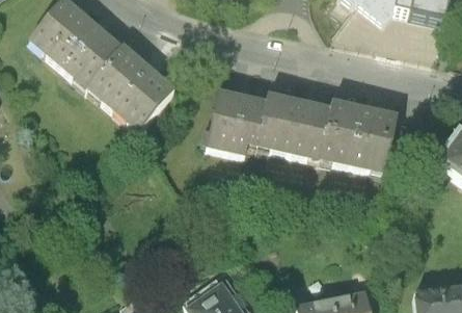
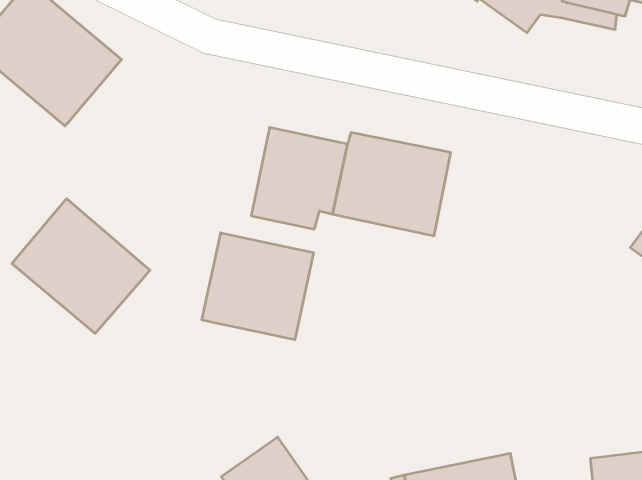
building: [90,44,176,128] -> [12,199,150,333]
building: [319,98,395,168] -> none
building: none -> [202,233,314,340]

